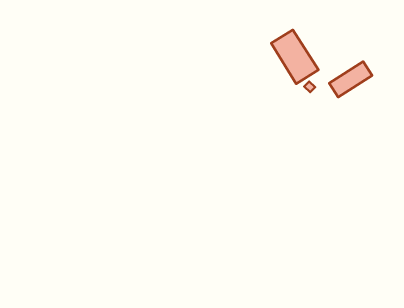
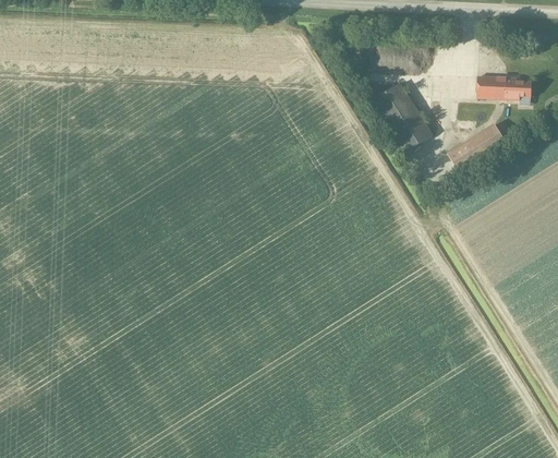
building: none -> [478,74,534,98]

